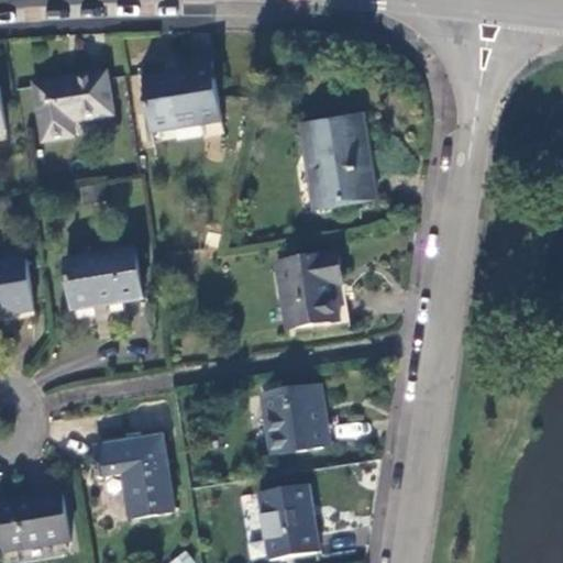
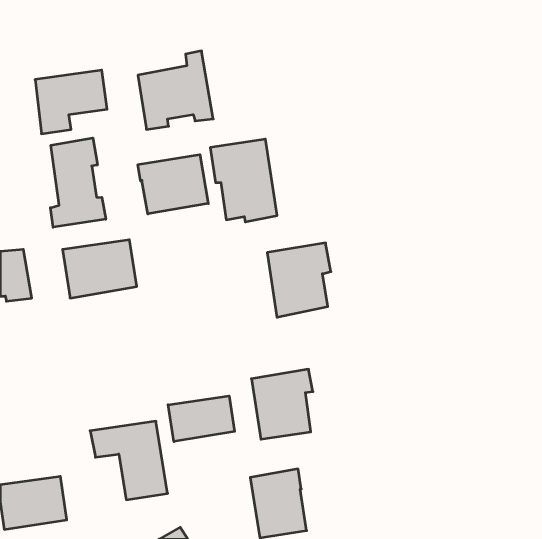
building: [303,117,373,202] -> [210,139,277,222]
building: none -> [50,138,106,227]
building: none -> [138,155,208,214]
building: none -> [168,396,235,442]

